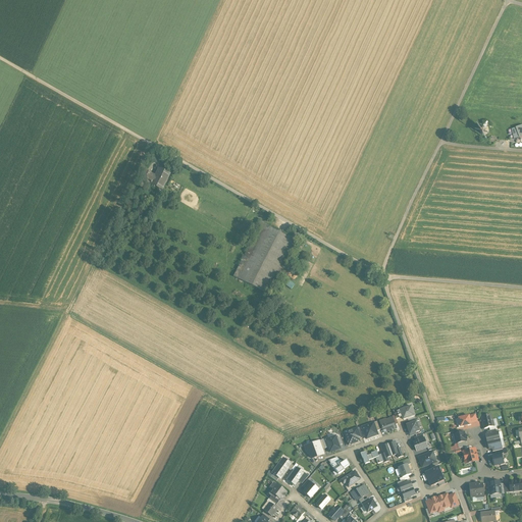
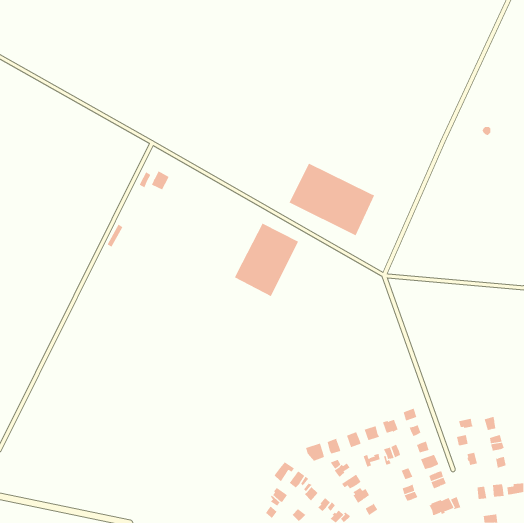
building: none -> [289,163,375,236]

